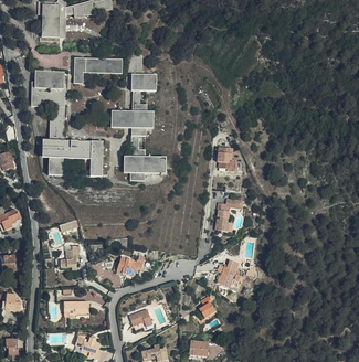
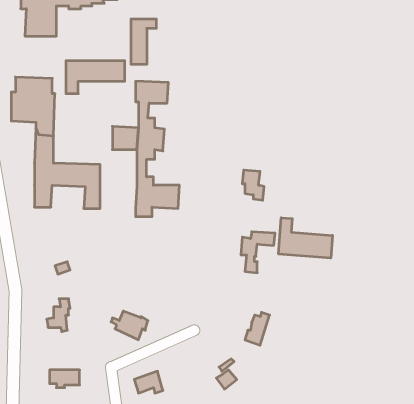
building: none -> [131,19,156,64]
building: none -> [279,218,332,258]

